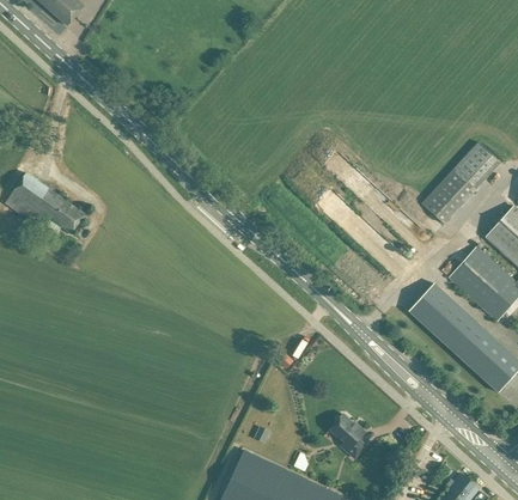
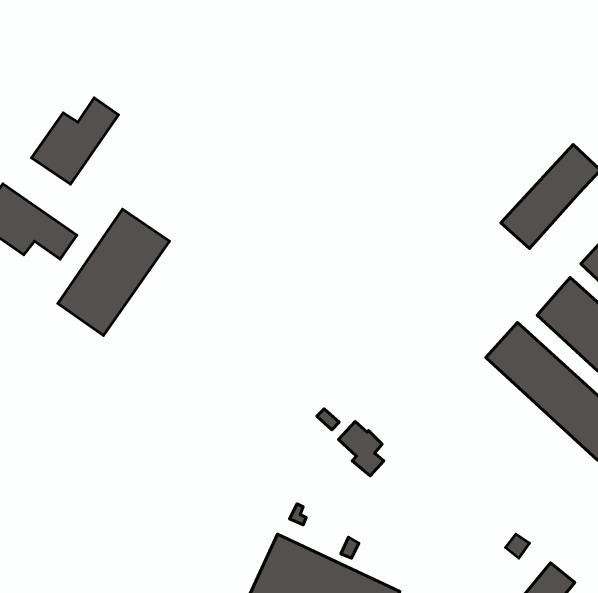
building: none -> [32,98,119,184]
building: none -> [58,209,170,335]
building: [329,414,365,457] -> [338,421,384,476]

